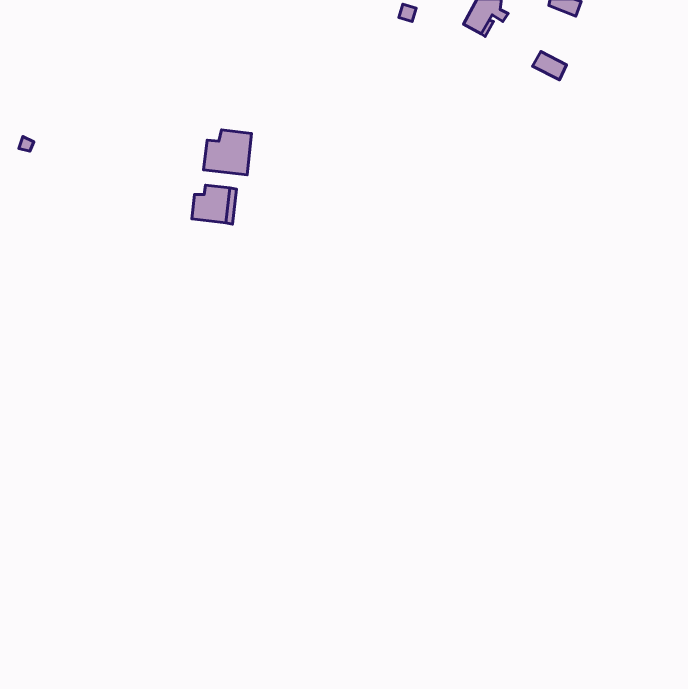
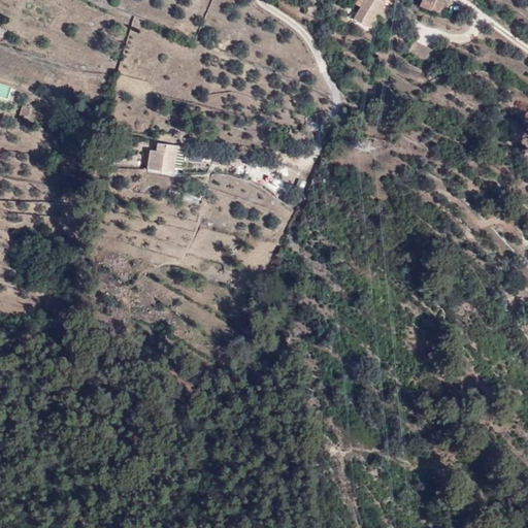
building: [203,130,252,175] -> none

